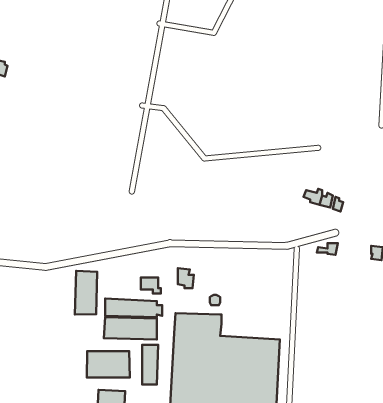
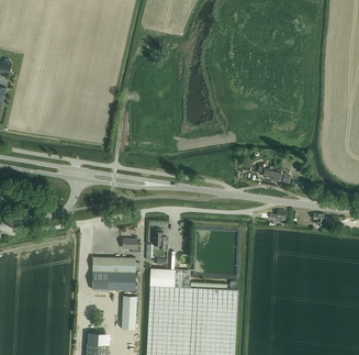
building: [75,271,97,314] -> none
building: [87,351,130,378] -> none

